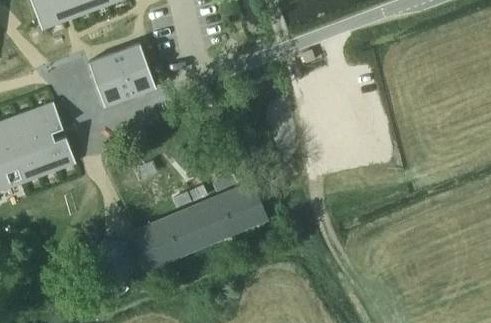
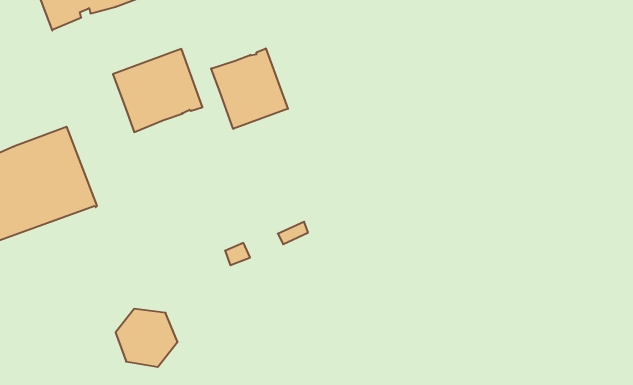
building: none -> [211,48,288,129]
building: [133,181,267,269] -> none

